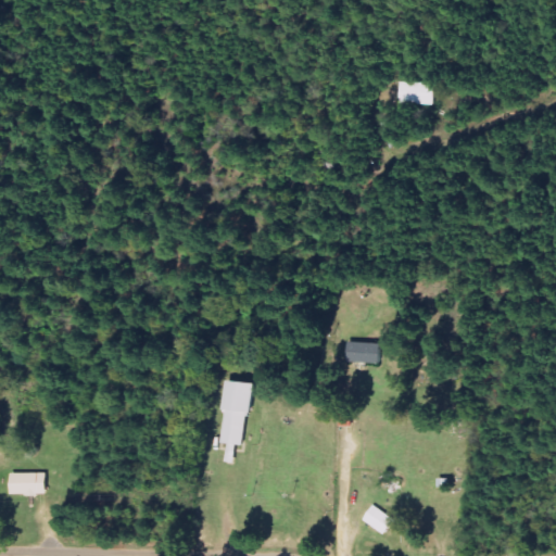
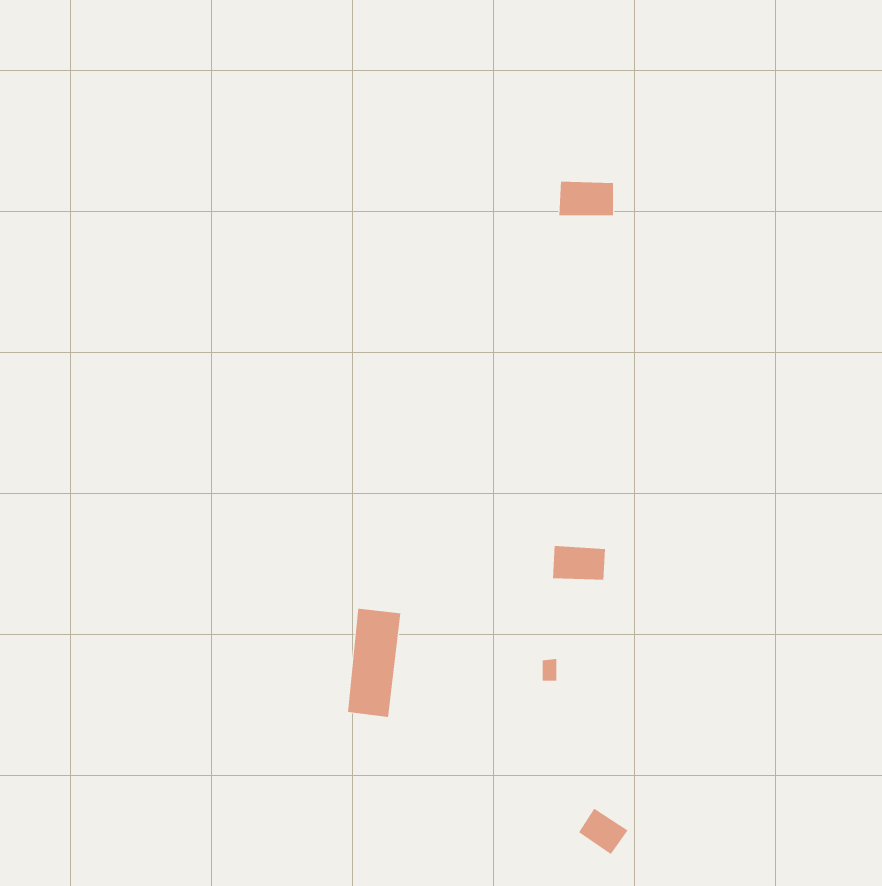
building: [396,83,431,104] -> [558,181,614,216]
building: [10,473,46,494] -> none

